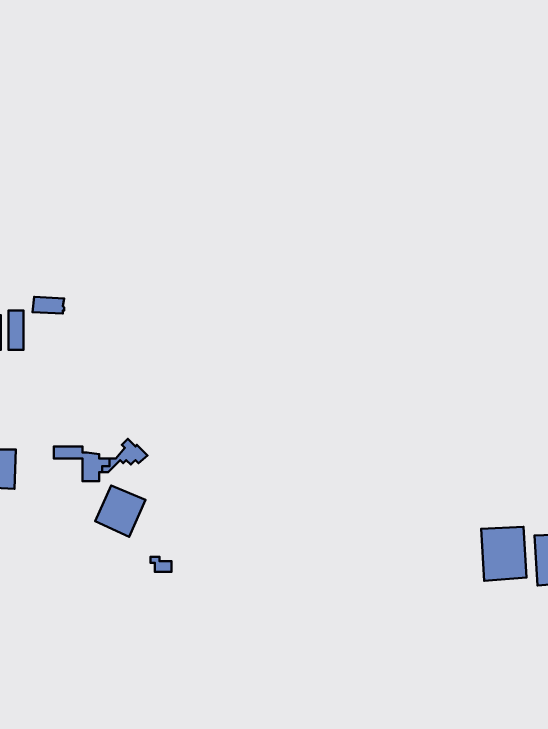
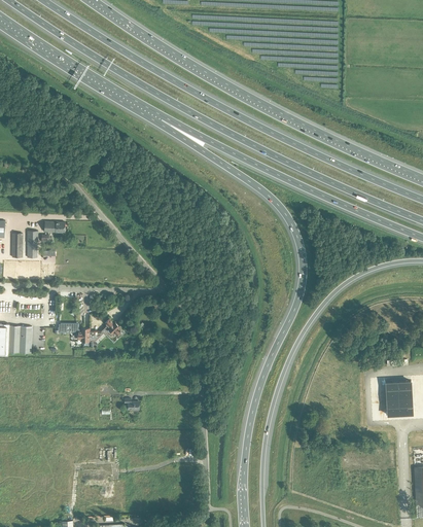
building: [95,486,145,537] -> none
building: [481,527,527,581] -> none

